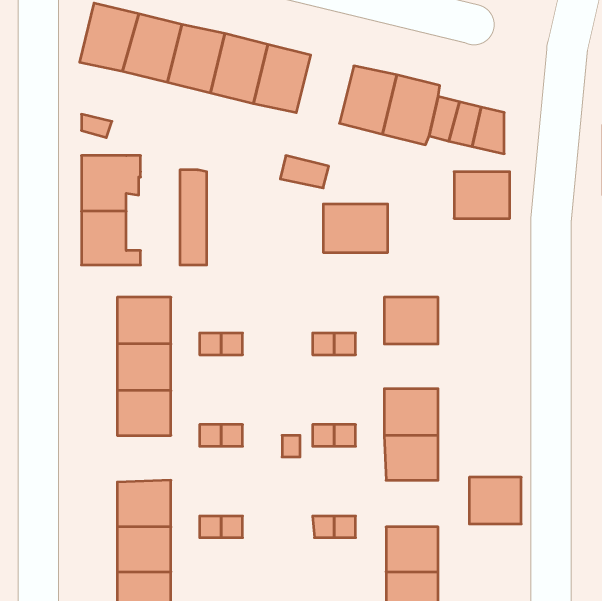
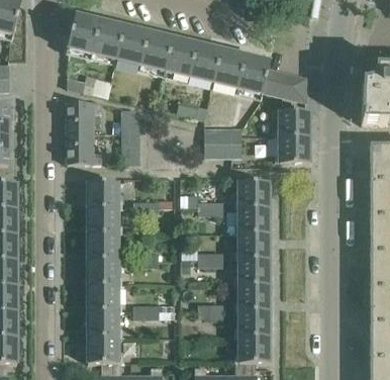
building: none -> [189,43,221,82]
building: none -> [278,135,309,162]
building: none -> [238,206,269,231]
building: none -> [88,258,118,284]
building: [469,477,521,524] -> [239,283,269,309]

